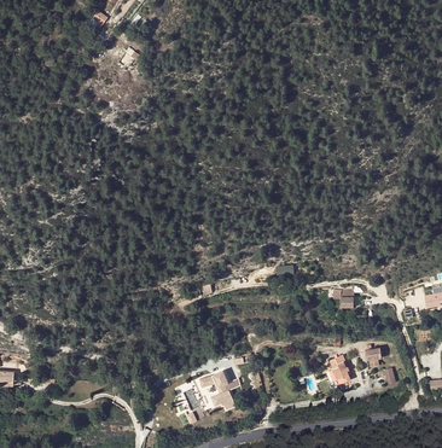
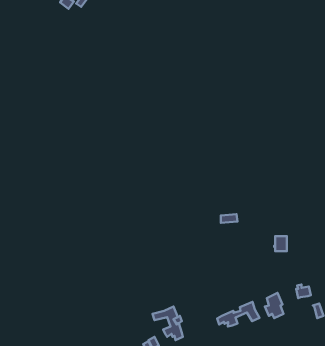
building: none -> [217,302,260,326]

